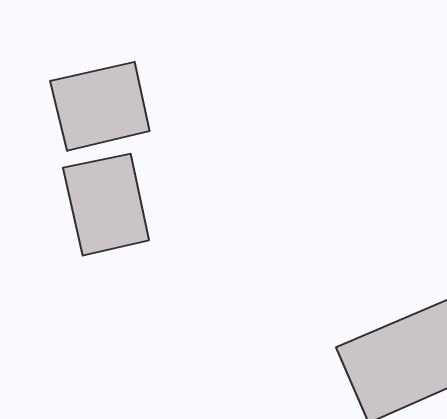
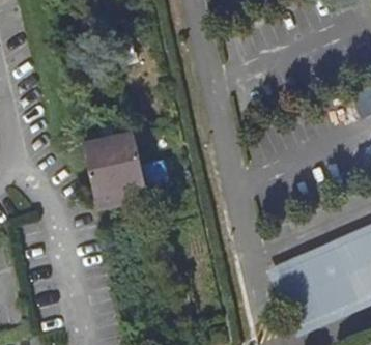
building: [50,62,150,151] -> none

